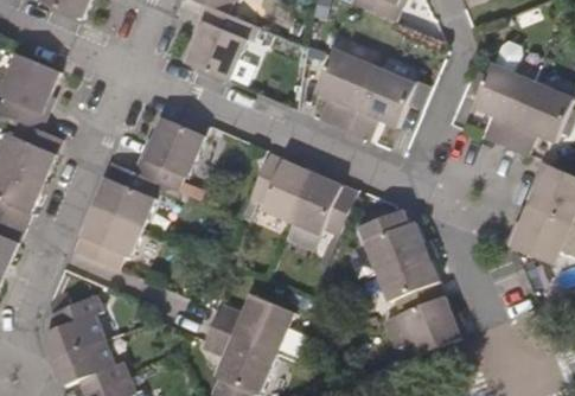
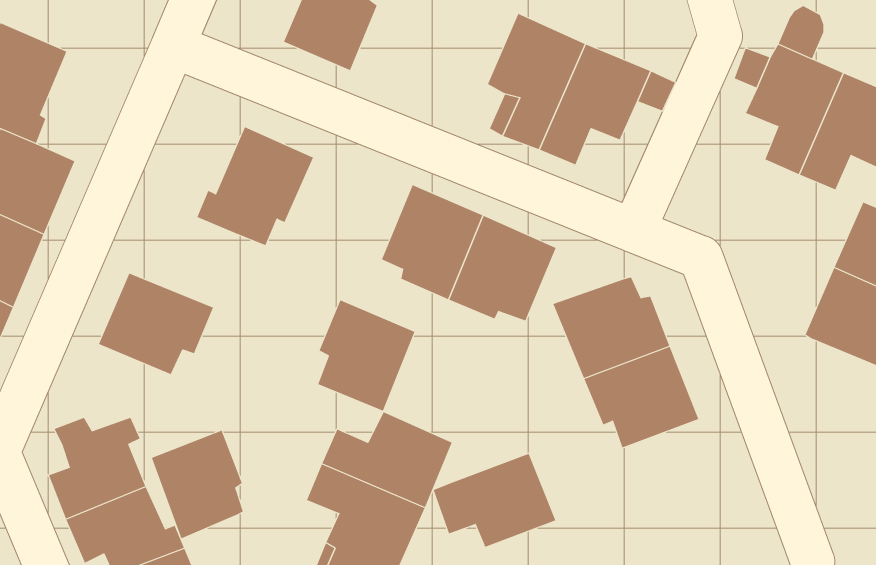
building: [94,162,158,228] -> none
building: none -> [318,299,415,412]
building: [385,296,461,355] -> [433,453,556,548]
building: none -> [151,430,244,539]

